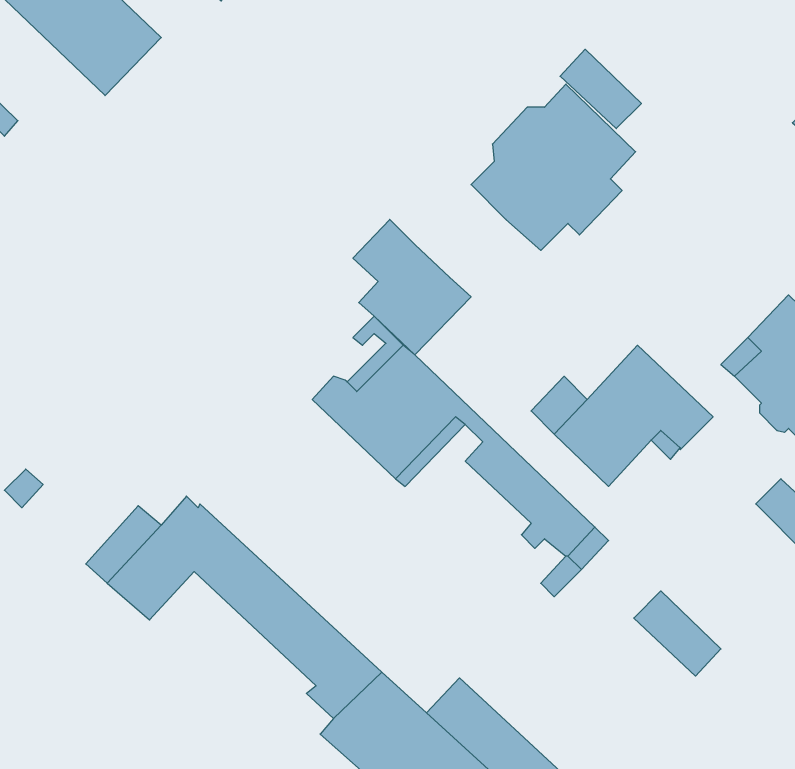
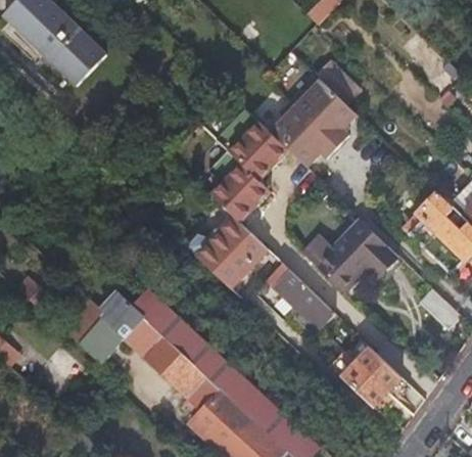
building: none -> [216,109,288,182]
building: none -> [127,287,264,412]
building: none -> [329,351,395,414]

